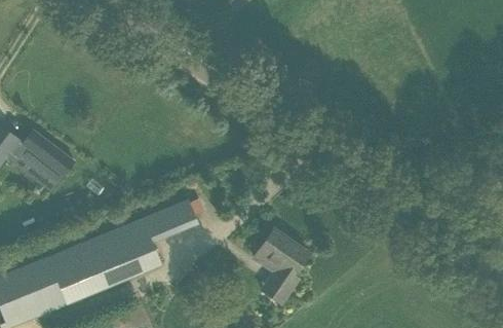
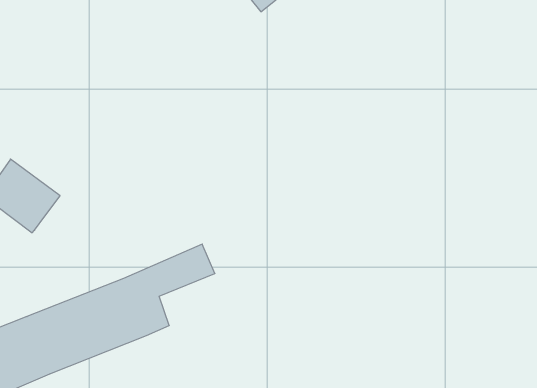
building: [255,229,309,303] -> none

